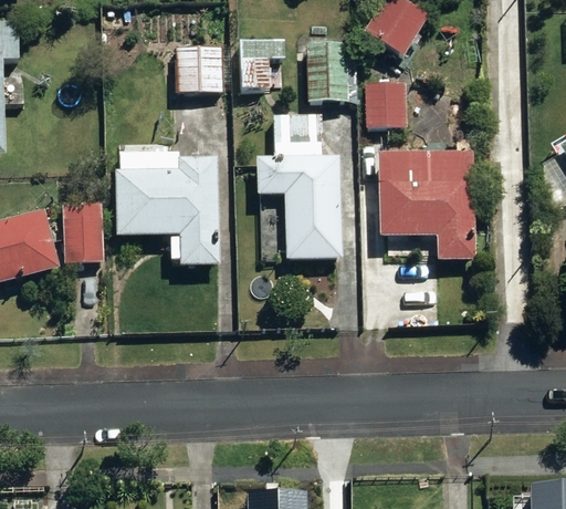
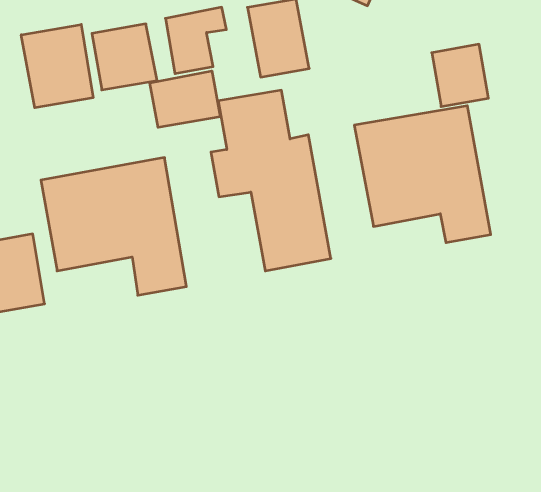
building: none -> [21,24,93,108]
building: [365,81,406,127] -> [432,44,488,107]
building: none -> [150,71,220,127]

